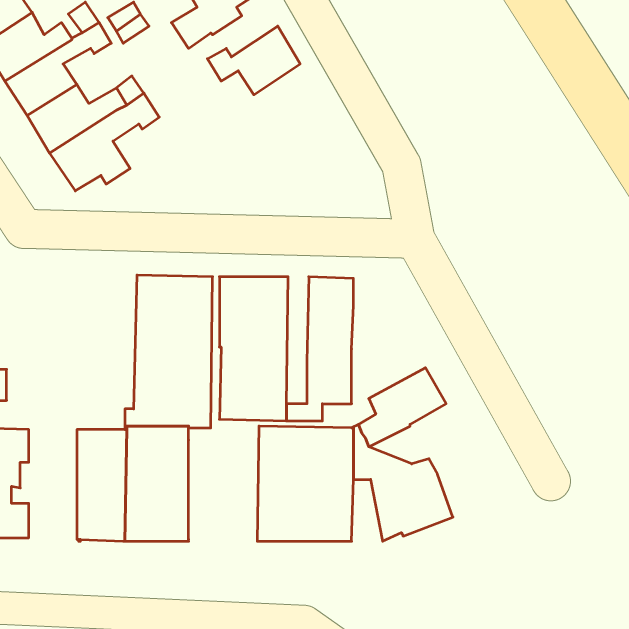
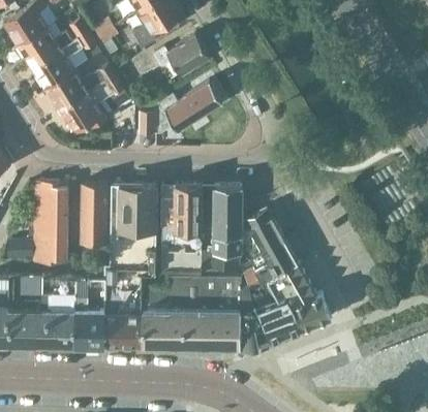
building: none -> [140,82,222,134]
building: none -> [34,183,67,264]
building: none -> [81,185,106,245]
building: none -> [240,208,284,263]
building: none -> [250,262,331,330]
building: none -> [142,276,184,345]
building: none -> [35,278,74,343]
building: none -> [240,308,258,345]

